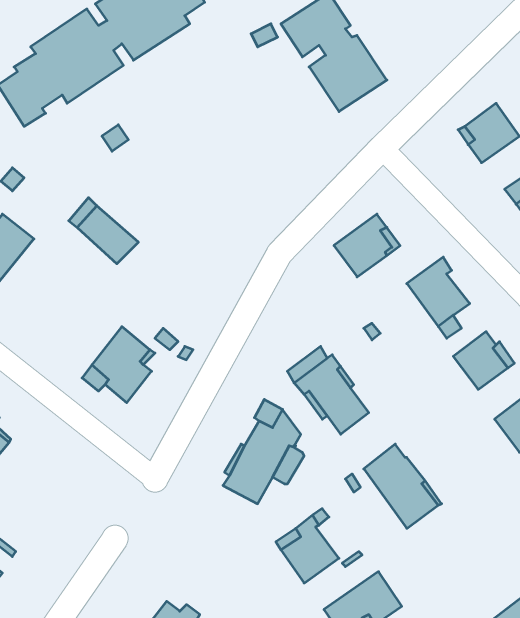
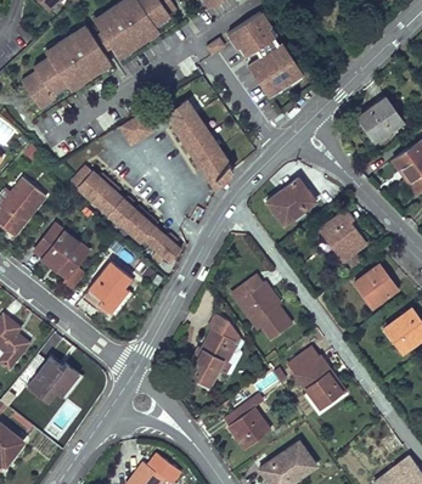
building: none -> [163,103,233,193]
building: none -> [118,116,153,150]
building: none -> [107,198,180,261]
building: none -> [34,224,89,277]
building: none -> [27,356,78,403]

